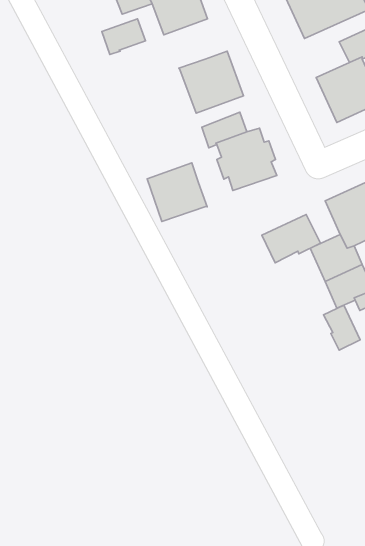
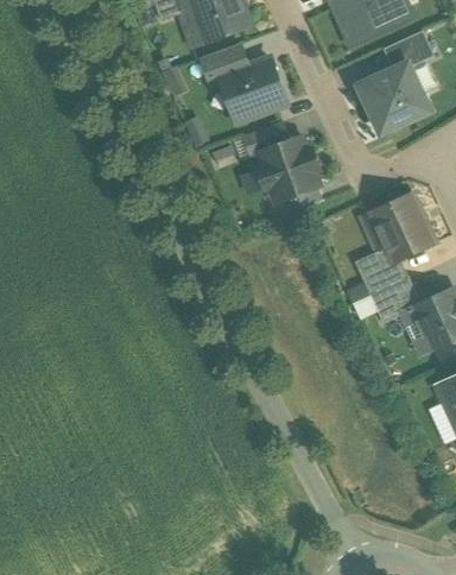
building: [102,19,146,55] -> [202,44,247,81]
building: [147,163,207,222] -> none
building: [262,214,321,263] -> none
building: [324,305,360,350] -> none

